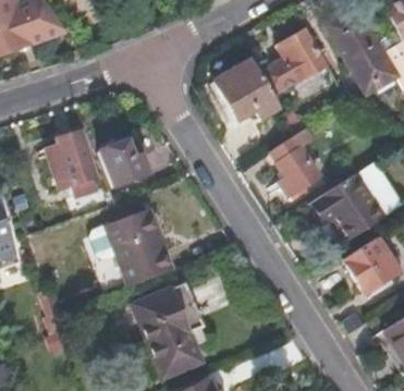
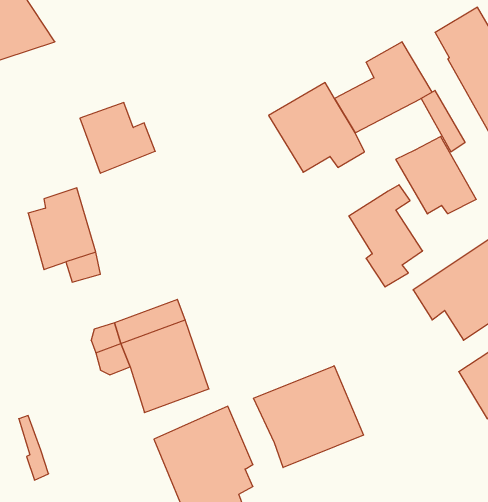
building: none -> [396,136,476,214]
building: [97,139,149,188] -> [80,103,155,173]
building: none -> [254,366,364,468]

